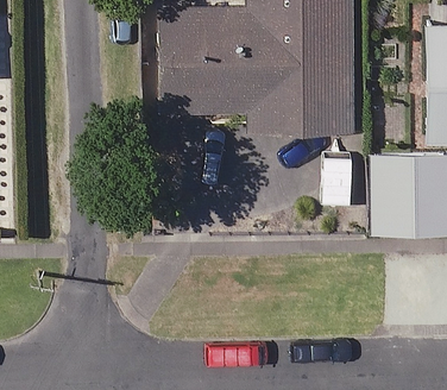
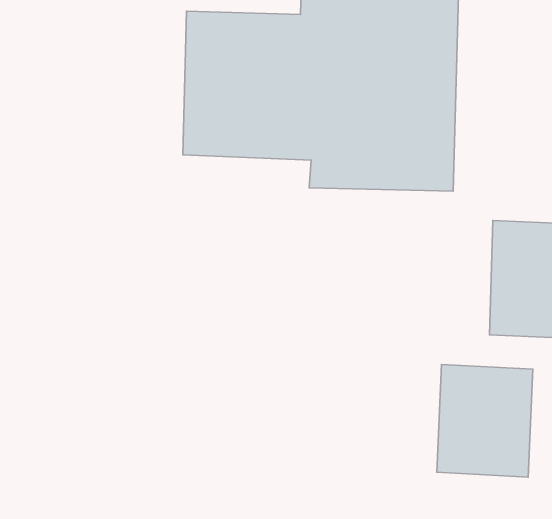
building: none -> [437,364,533,477]

